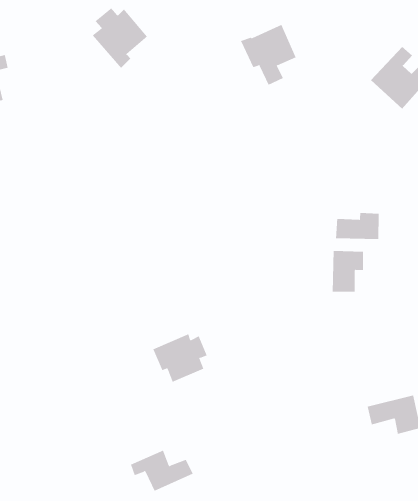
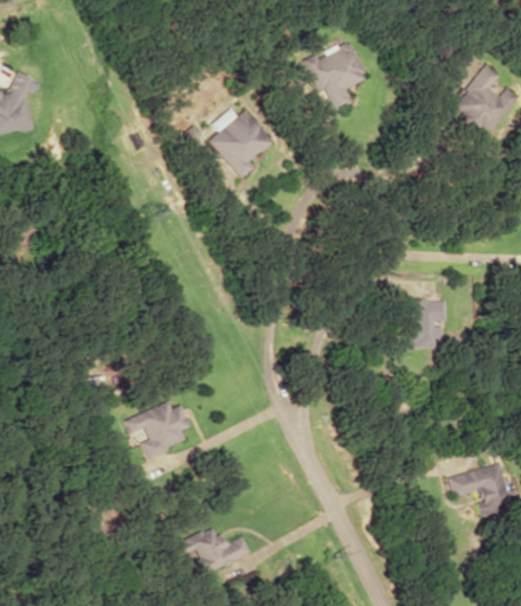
building: [92,8,148,69] -> [207,108,271,178]
building: [336,212,379,240] -> none
building: [152,334,207,382] -> [127,401,189,457]

